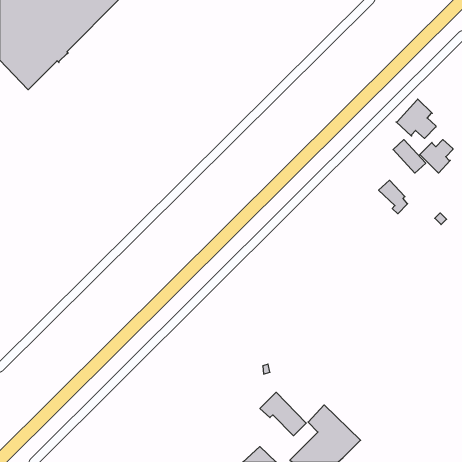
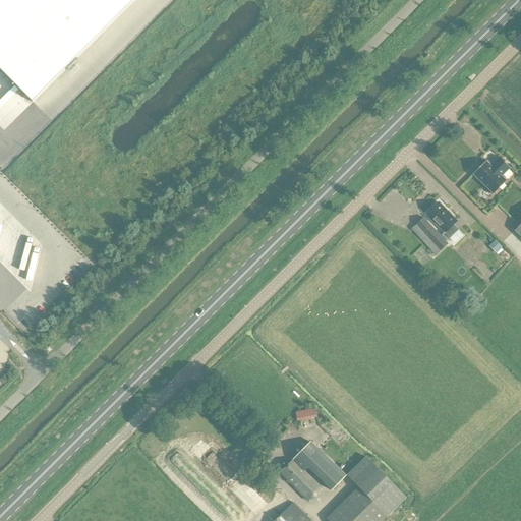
building: [396,99,436,138] -> none
building: [393,140,426,173] -> [410,217,447,254]
building: none -> [280,459,321,499]

